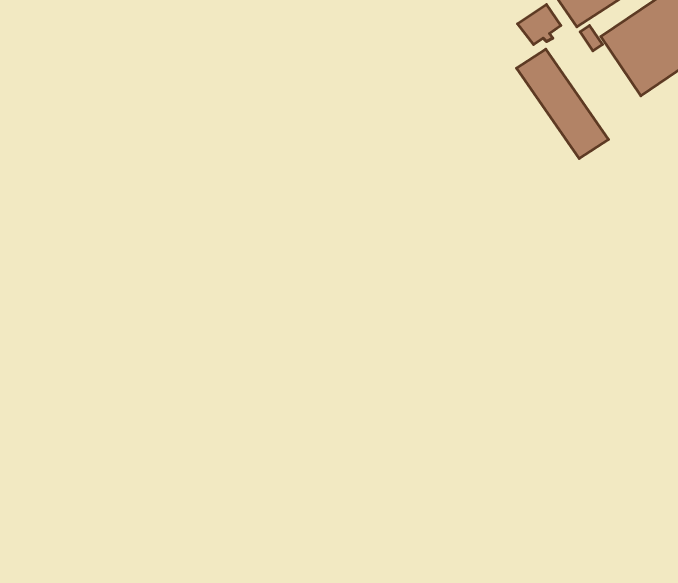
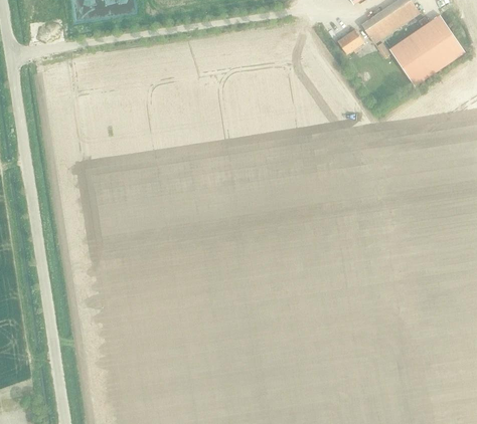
building: [517,49,608,159] -> none

